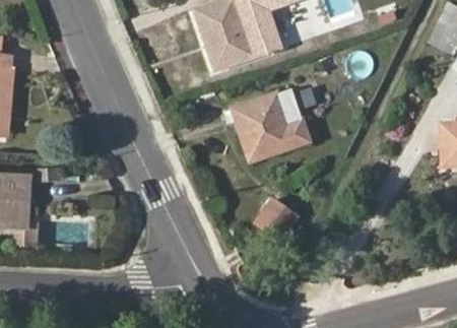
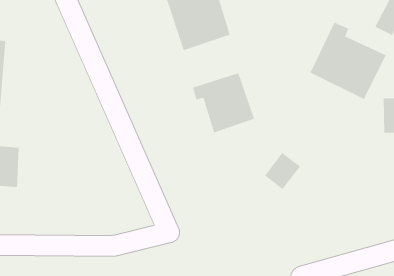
building: none -> [310,22,387,100]
building: [255,198,297,241] -> [264,152,301,190]

